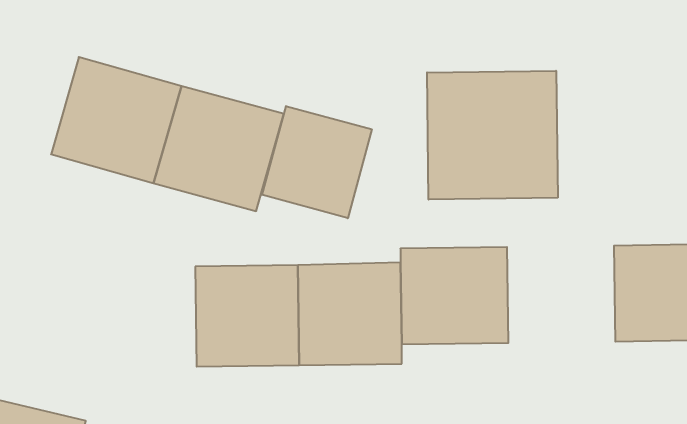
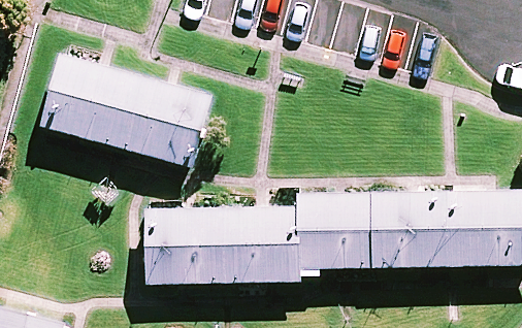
building: [427,71,558,200] -> none
building: [262,106,372,218] -> none
building: none -> [379,195,459,267]

